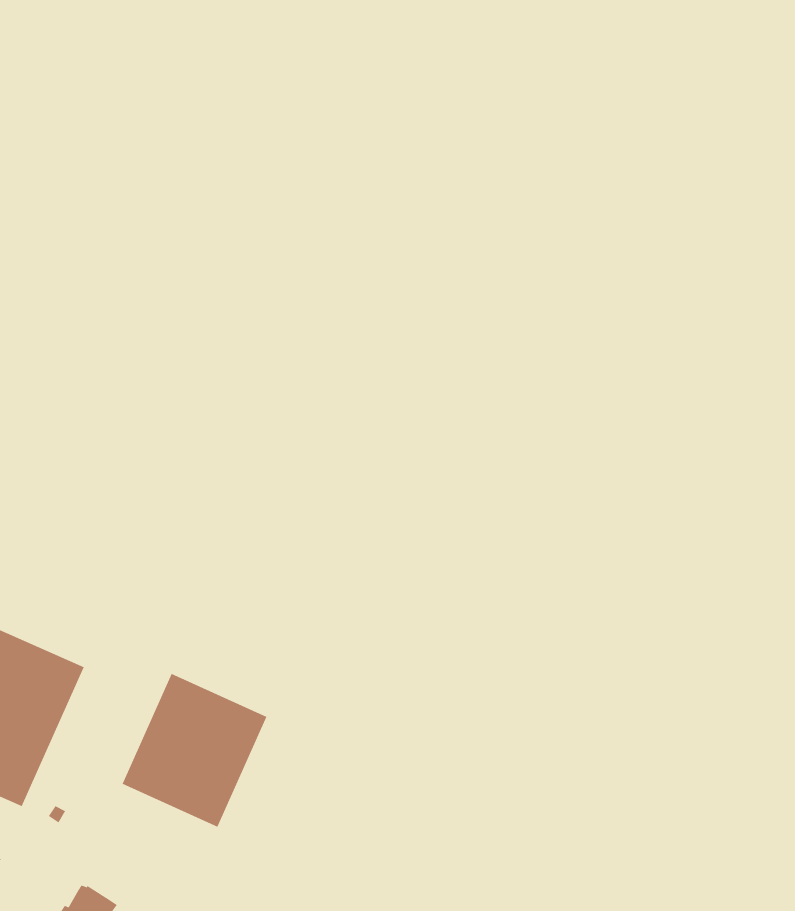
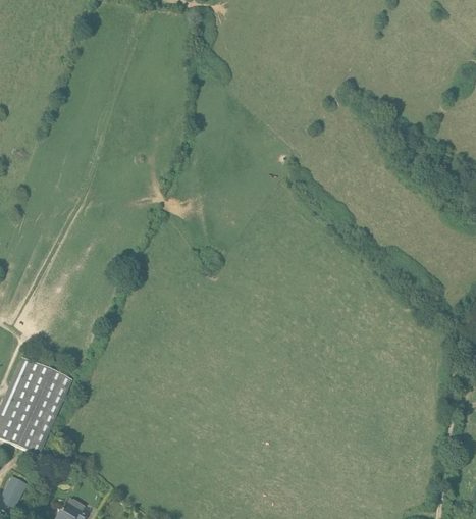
building: [121,673,268,828] -> none

